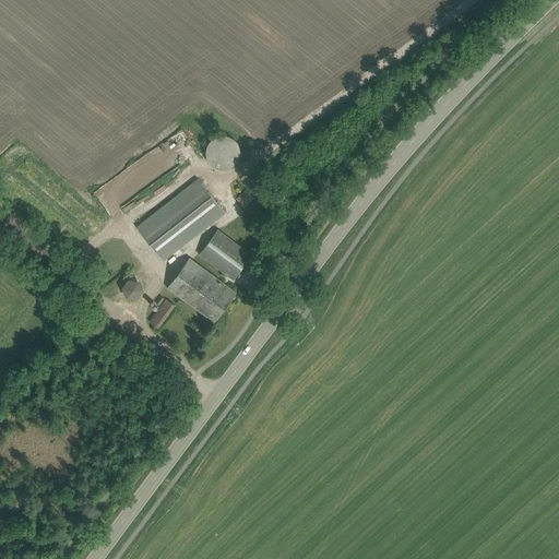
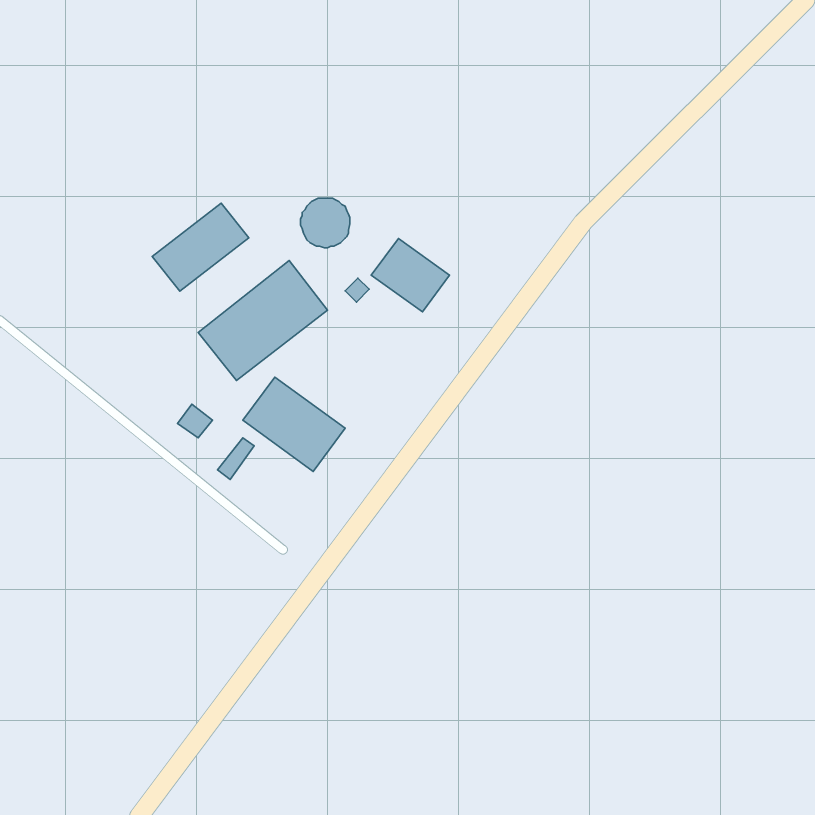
building: none -> [152,203,249,291]
building: [198,230,251,281] -> [371,238,450,312]

